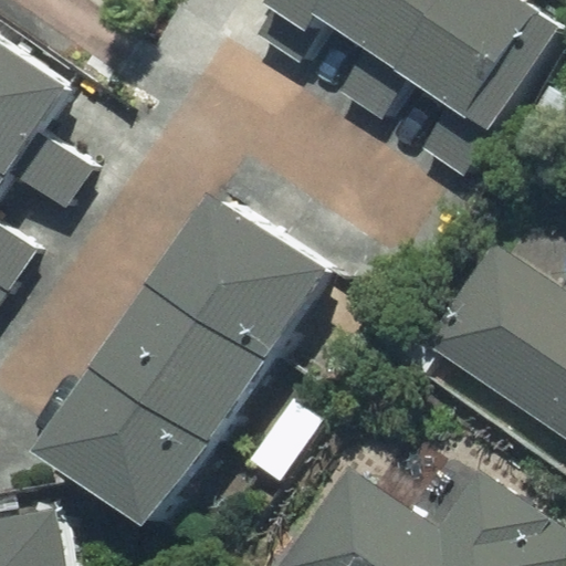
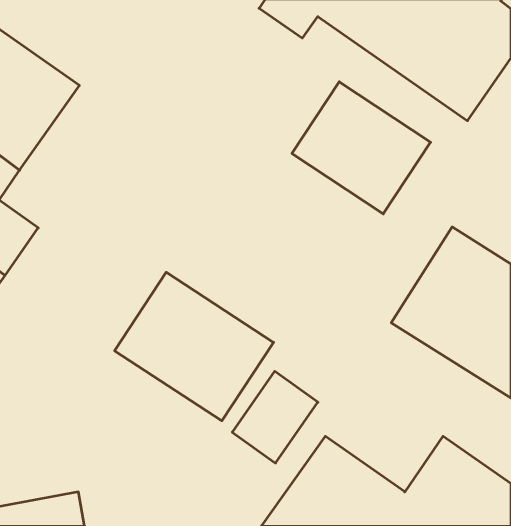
building: none -> [292,82,431,214]
building: [178,195,357,367] -> none
building: [72,376,238,528] -> none

